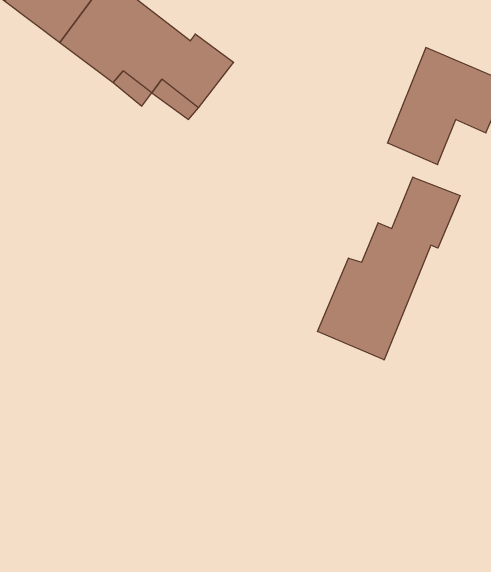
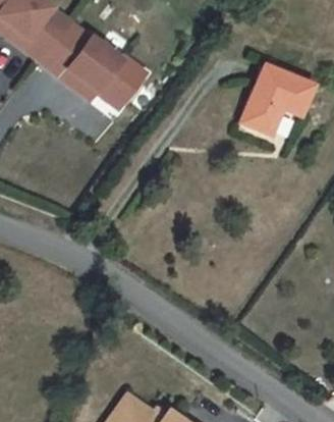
building: [318,177,460,360] -> none

